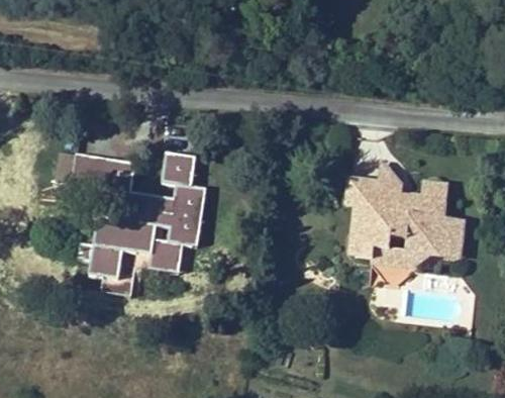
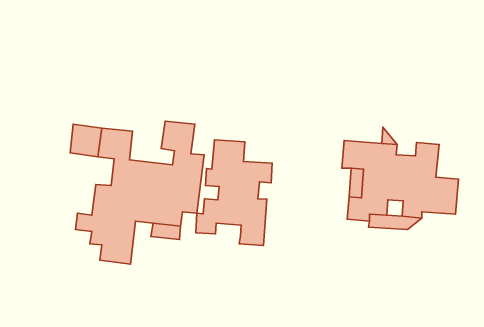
building: none -> [196,140,272,246]

